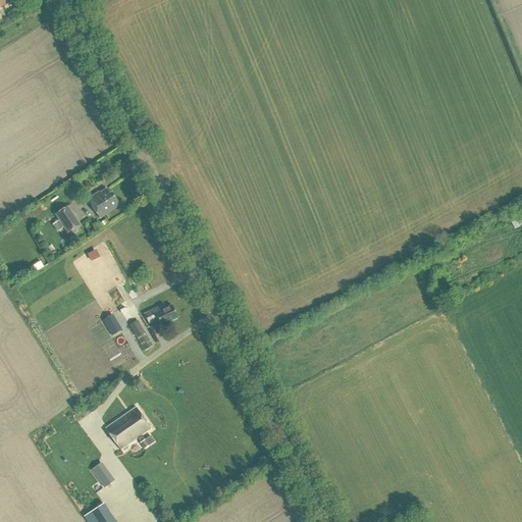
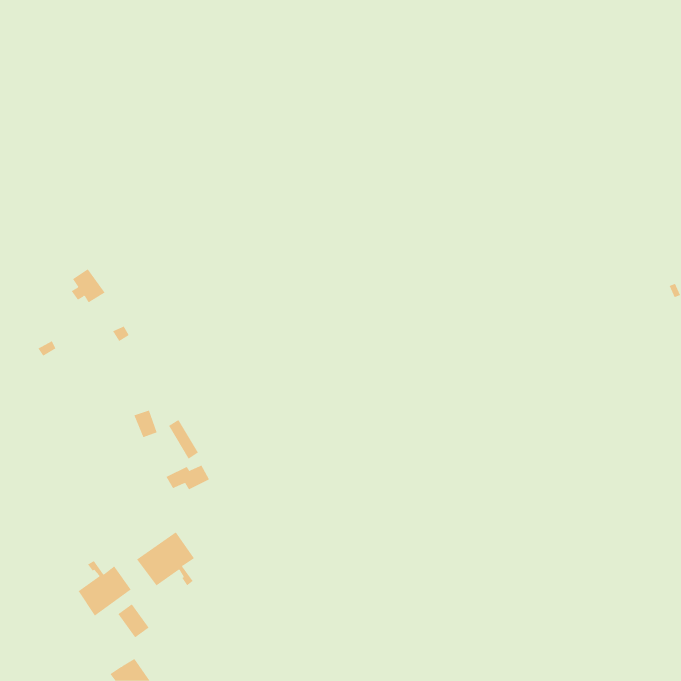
building: [89,188,120,217] -> none
building: [144,305,177,324] -> [166,465,210,490]
building: none -> [78,560,132,616]

